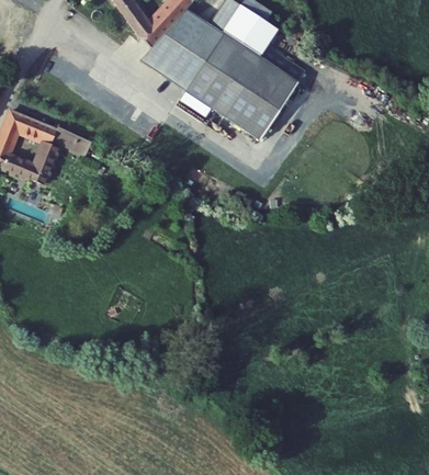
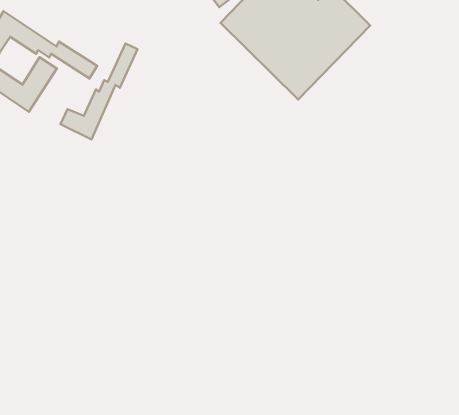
building: none -> [61,43,138,139]

